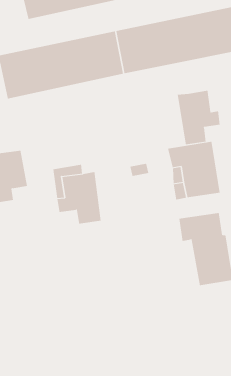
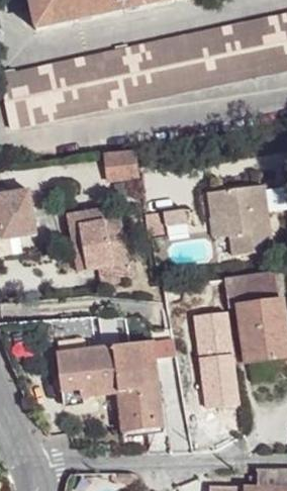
building: [177,90,220,145] -> none
building: none -> [104,149,138,179]
building: none -> [191,308,238,405]
building: none -> [56,341,160,431]

